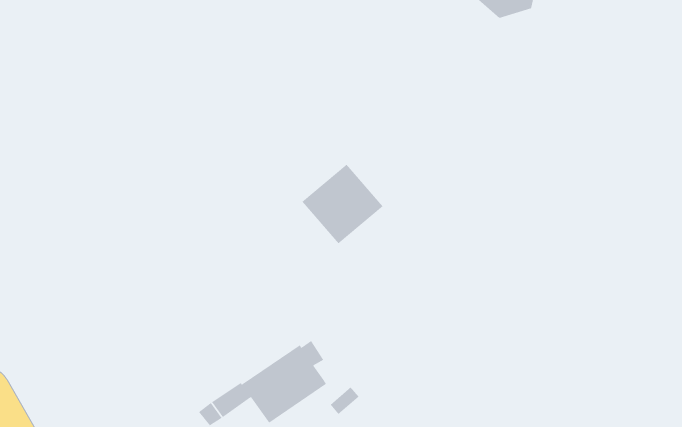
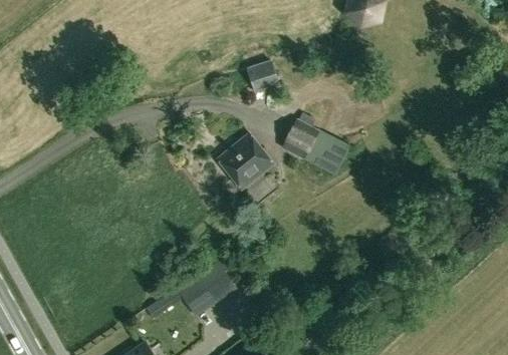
building: none -> [244,61,277,94]
building: none -> [285,111,353,168]

